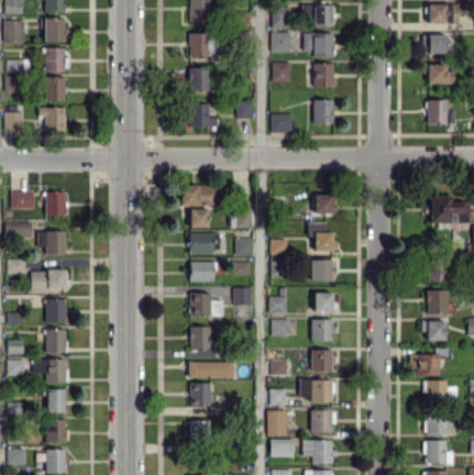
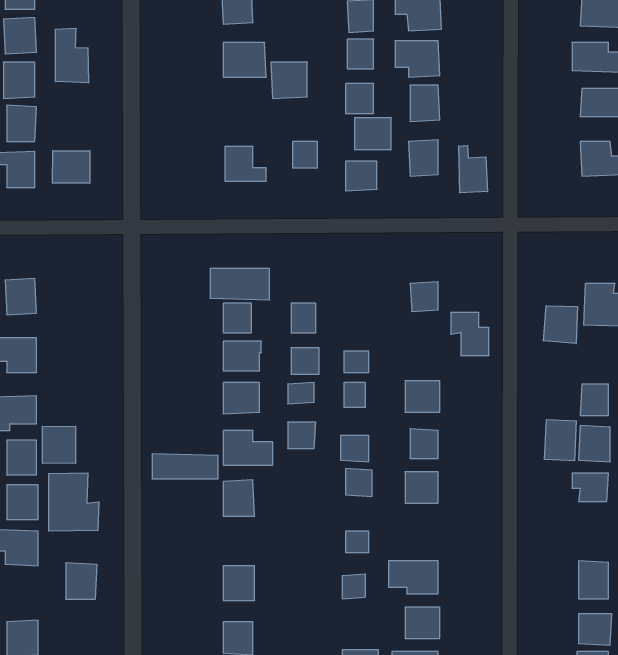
building: none -> [55,28,88,83]
building: [189,68,213,92] -> [271,62,307,98]
building: none -> [355,117,391,150]
building: none -> [459,146,487,193]
building: none -> [53,151,90,183]
building: none -> [543,306,577,344]
building: [308,223,333,252] -> [451,313,489,356]
building: none -> [545,420,576,461]
building: none -> [43,426,75,463]
building: none -> [49,473,99,531]
building: [311,350,332,373] -> none
building: [415,355,440,377] -> none
building: [189,362,233,378] -> [152,454,218,479]
building: [46,389,67,413] -> [66,563,97,599]
building: [267,411,287,435] -> none

